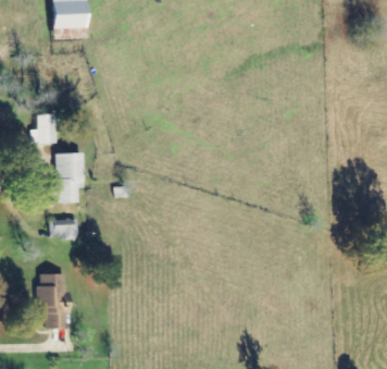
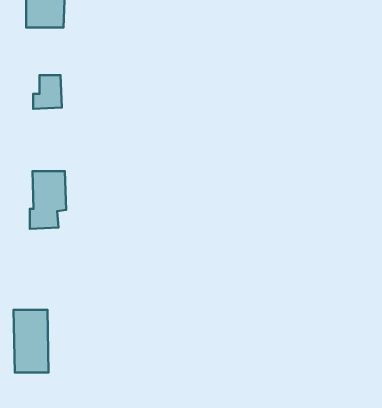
building: [32,113,57,143] -> [33,75,62,109]
building: [50,219,79,237] -> none

